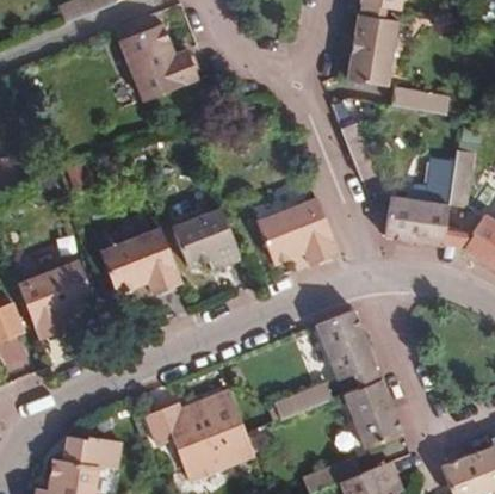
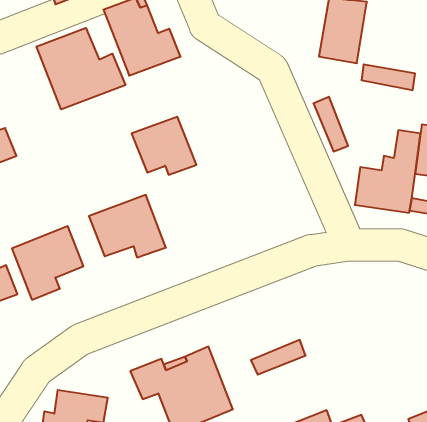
building: none -> [37,28,125,109]
building: [256,197,338,270] -> none
building: [173,208,242,270] -> [132,117,196,175]
building: [316,309,375,379] -> none
building: [344,379,402,449] -> none

